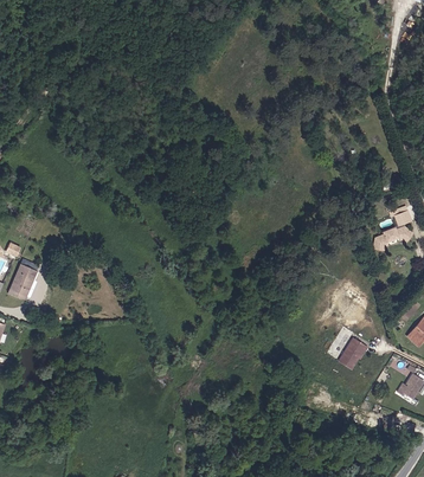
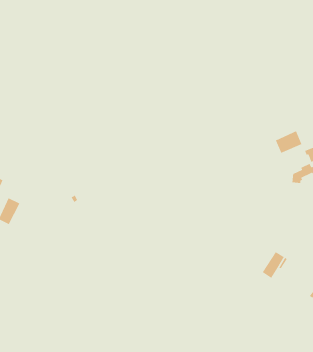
building: none -> [275,130,302,154]

